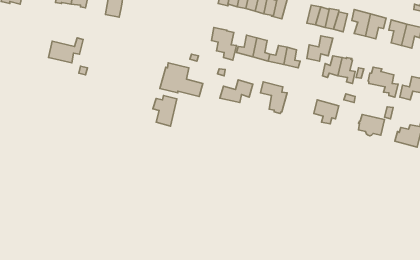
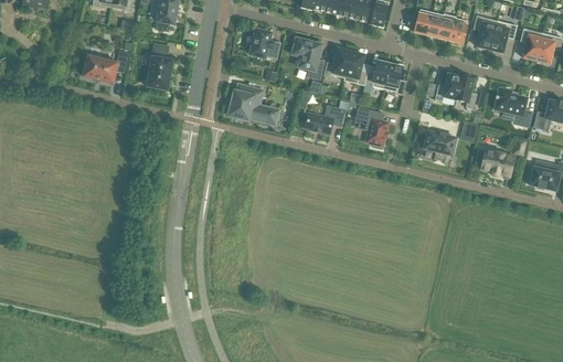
building: none -> [249,29,280,58]
building: none -> [147,43,173,93]
building: [307,36,333,61] -> none
building: [153,96,177,126] -> none

